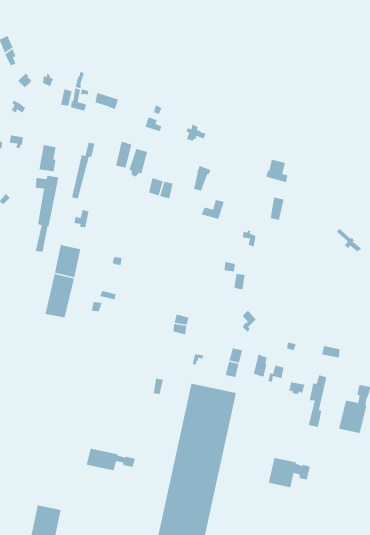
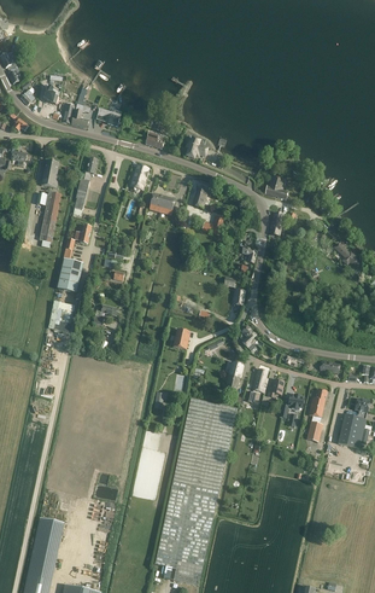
building: [86,448,136,471] -> none
building: [268,457,311,488] -> none

